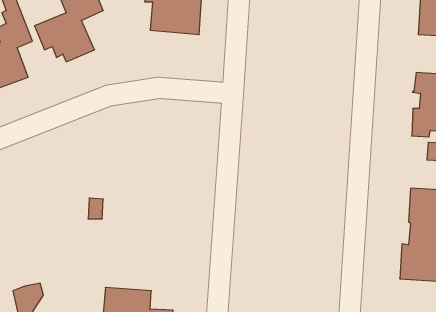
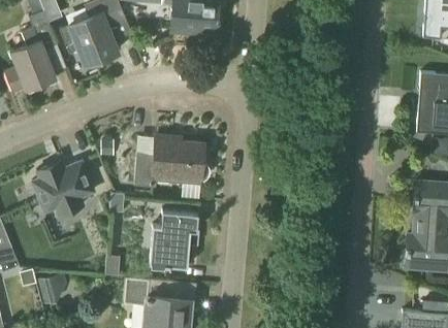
building: none -> [135,137,211,188]
building: none -> [33,160,96,215]
building: none -> [150,210,198,268]

